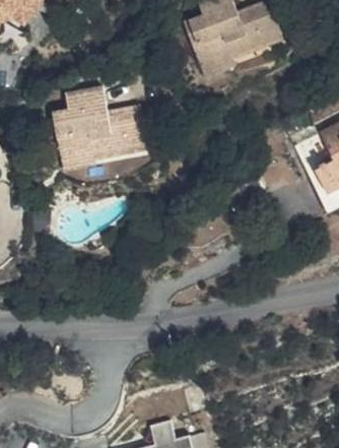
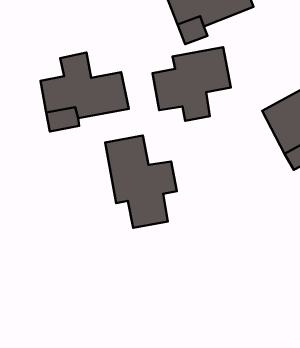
building: none -> [152,47,231,121]
building: none -> [105,135,177,228]

